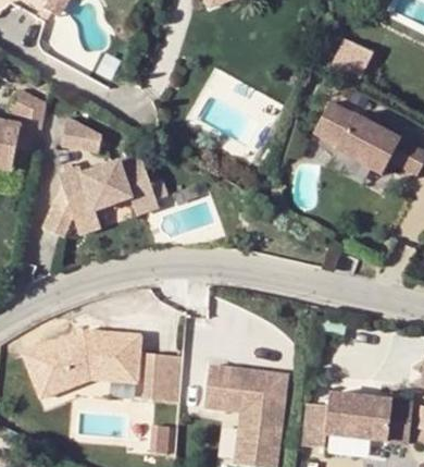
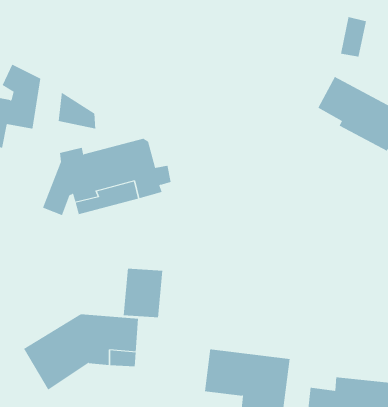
building: [144,353,183,401] -> [123,268,163,318]

